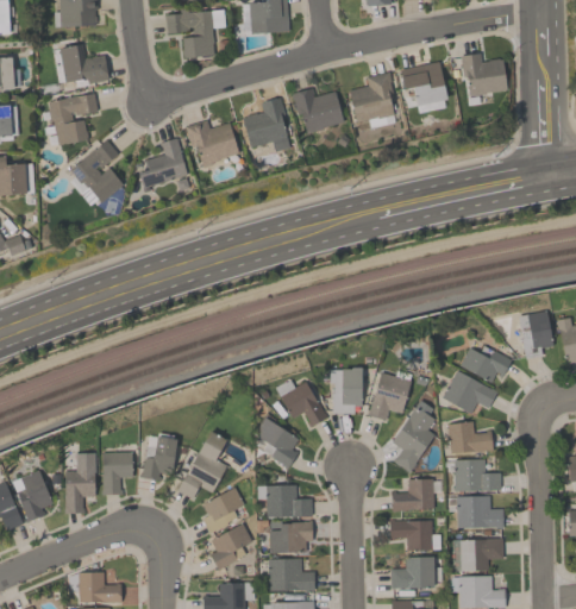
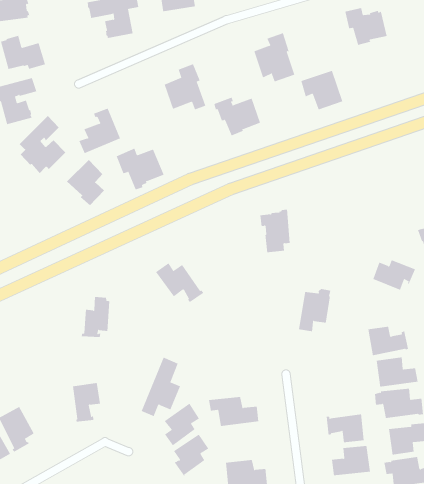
building: [401,62,447,106] -> [301,70,343,110]
building: [292,88,344,133] -> [213,97,261,136]
building: [186,119,239,168] -> [116,148,164,190]
building: none -> [66,159,105,206]
building: [330,366,363,414] -> [259,209,290,253]
building: [442,370,499,414] -> none
building: [275,378,328,427] -> [155,262,204,303]
building: [393,400,436,472] -> none
building: [255,413,300,469] -> none
building: [139,433,177,481] -> [81,297,110,337]
building: [65,454,96,514] -> none
building: [392,478,434,511] -> none
building: [270,520,313,552] -> none

